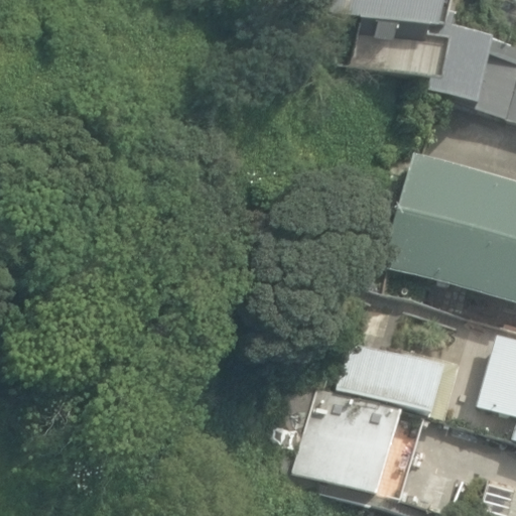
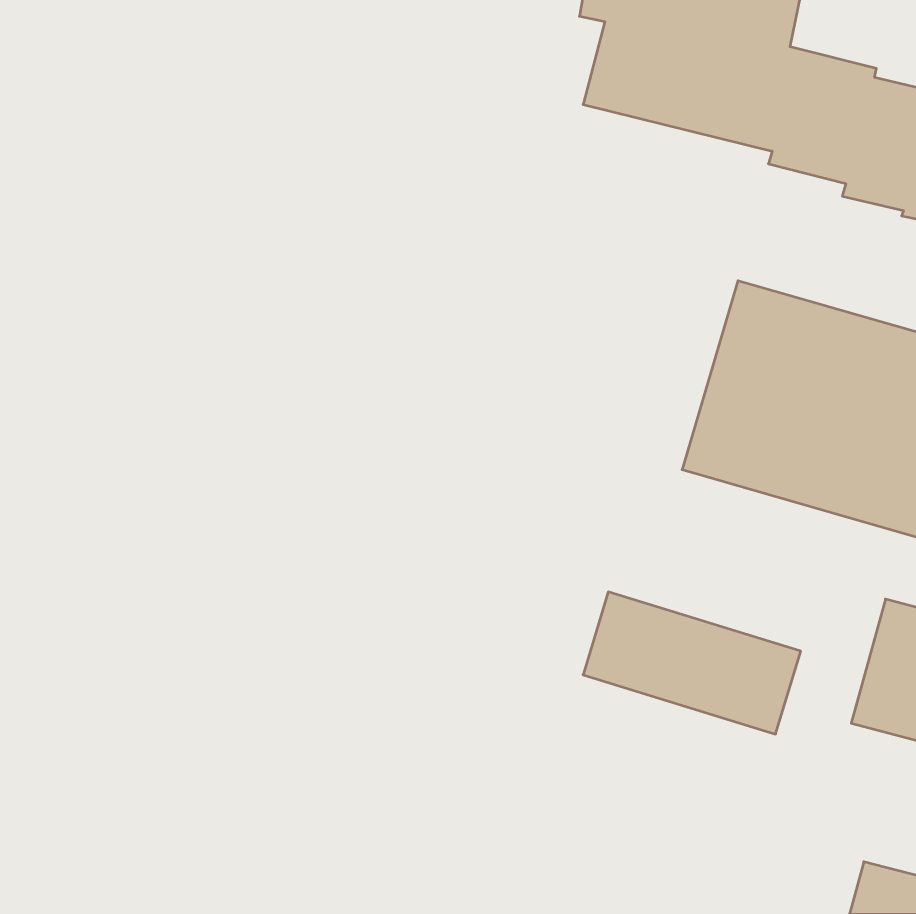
building: [290,383,417,496] -> none

